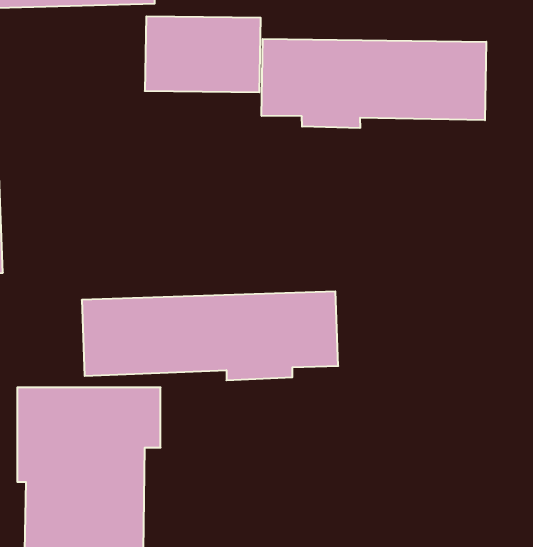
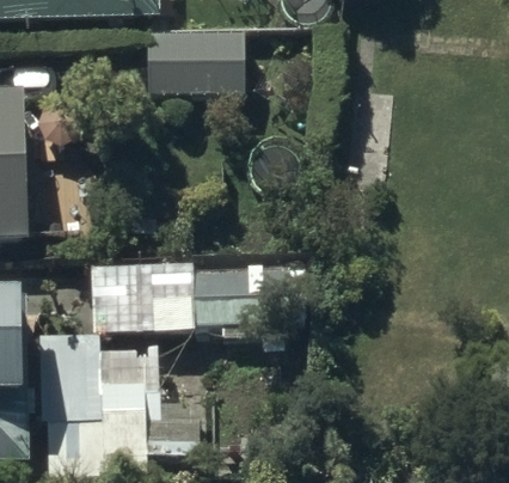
building: [262,39,486,128] -> none

